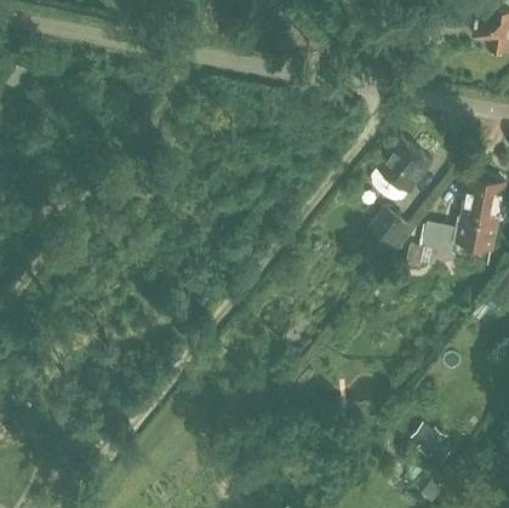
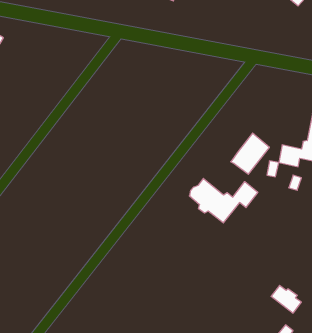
building: [373,138,433,201] -> none
building: none -> [189,178,258,223]

